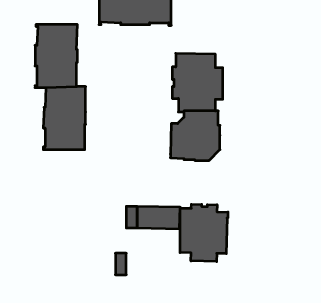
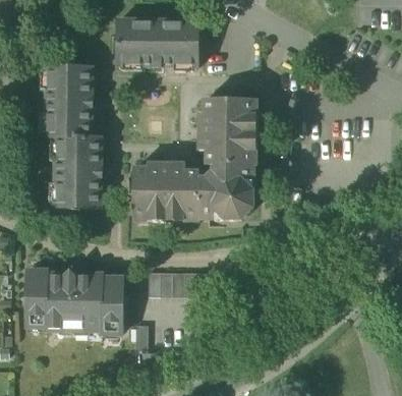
building: none -> [133,164,199,221]
building: none -> [26,269,122,333]
building: [180,204,228,262] -> none

